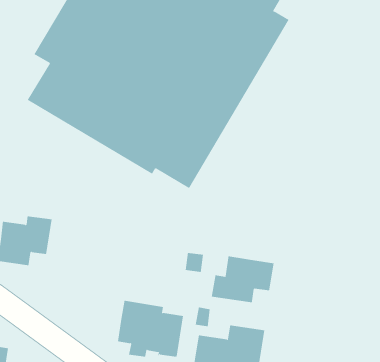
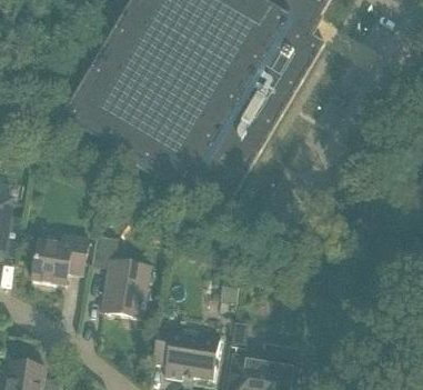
building: none -> [92,234,151,317]
building: [211,256,274,303] -> none

